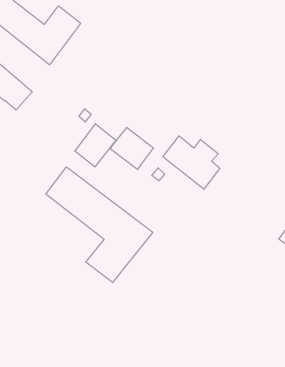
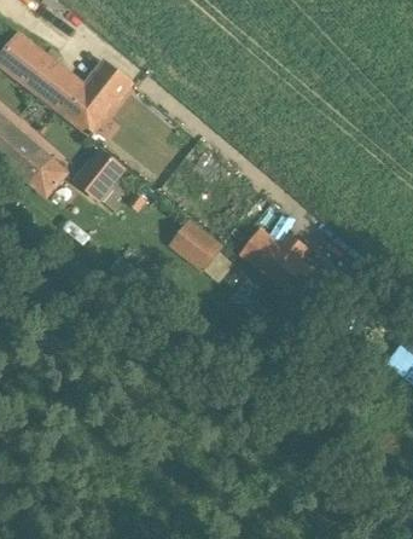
building: [75,124,116,167] -> [72,145,126,201]
building: [46,167,153,283] -> none

